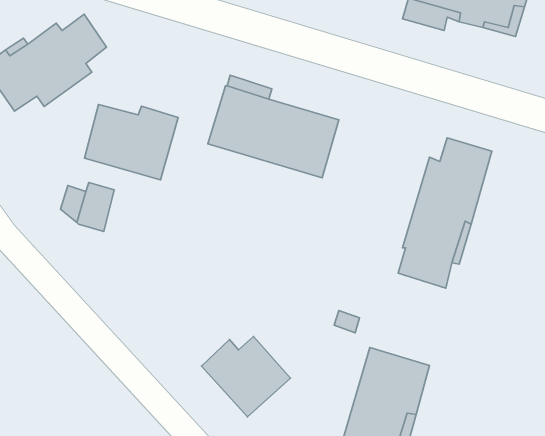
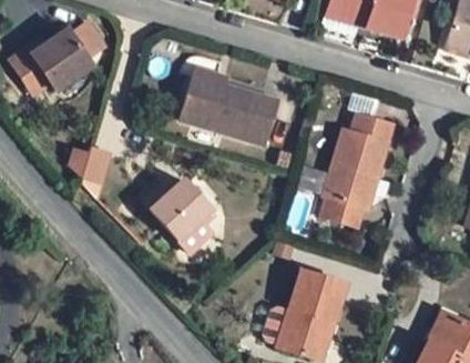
building: [84,105,178,180] -> none
building: [201,336,291,417] -> [144,179,211,239]

